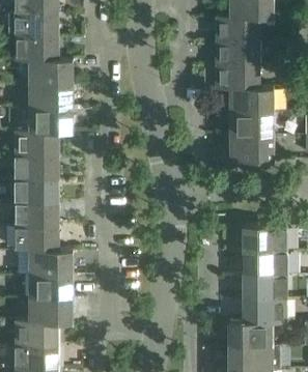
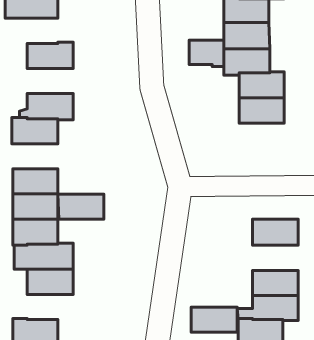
building: [13,35,57,61] -> none
building: none -> [189,40,224,67]
building: [28,83,72,107] -> none
building: [229,135,272,160] -> none
building: [13,154,57,178] -> [58,194,104,219]
building: [242,251,285,275] -> [191,307,237,332]
building: [28,297,72,322] -> none

